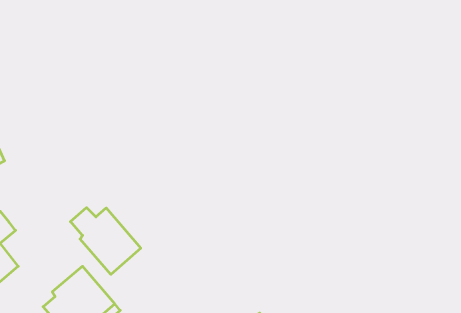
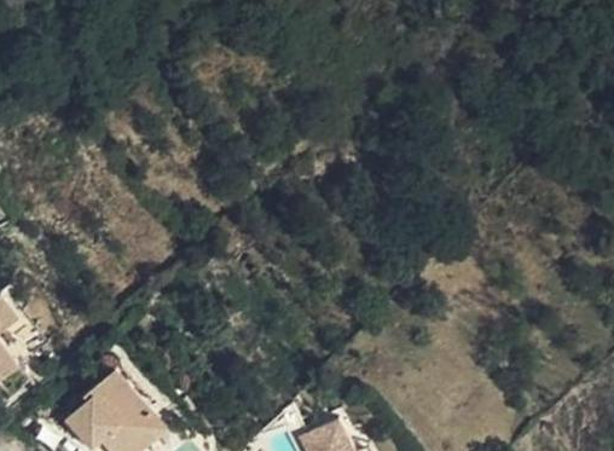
building: [70,208,141,274] -> none

